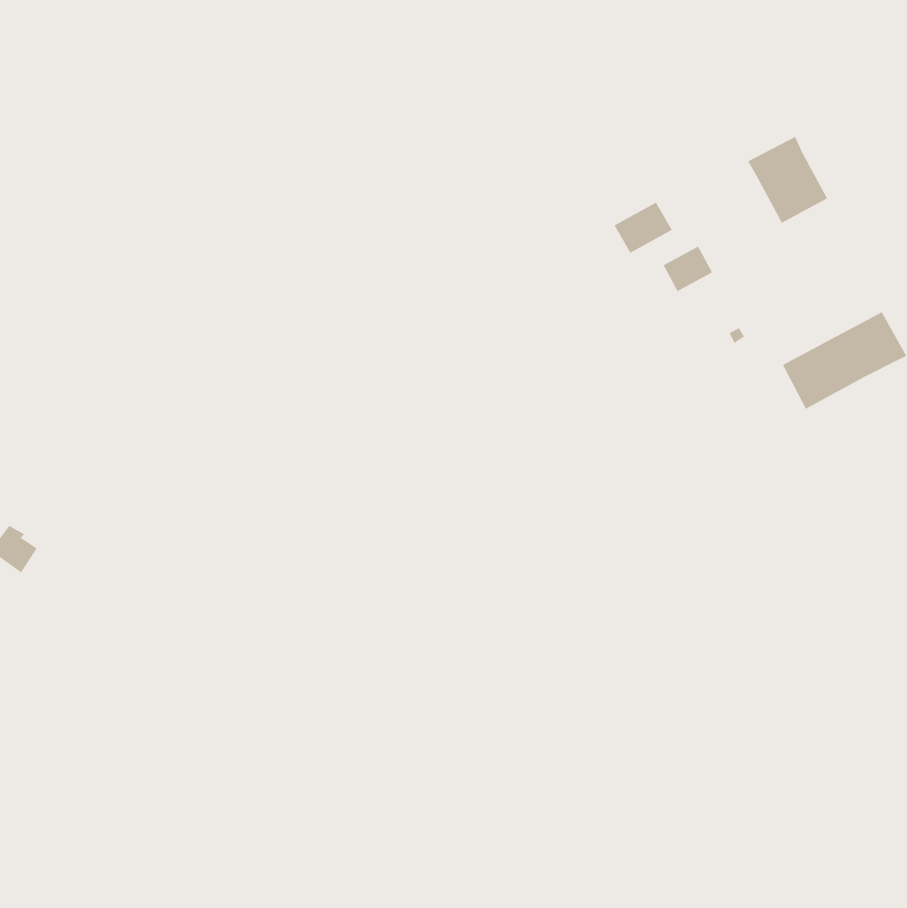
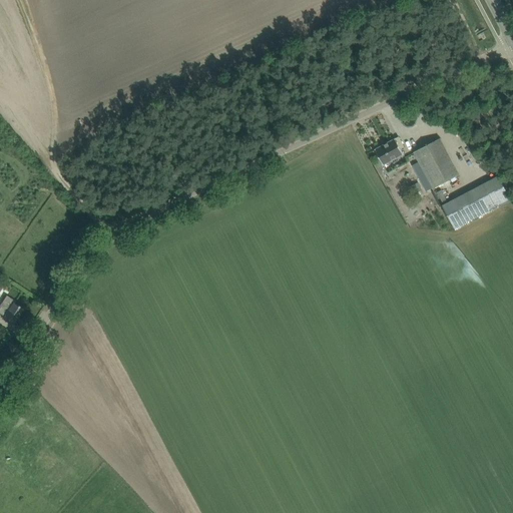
building: [748,136,828,223] -> [412,139,457,188]
building: [614,202,672,254] -> none

